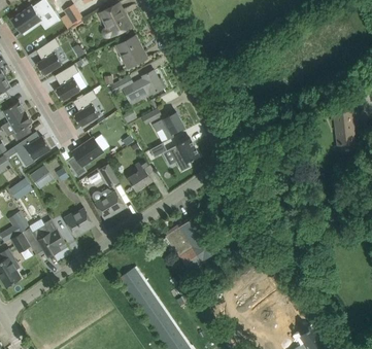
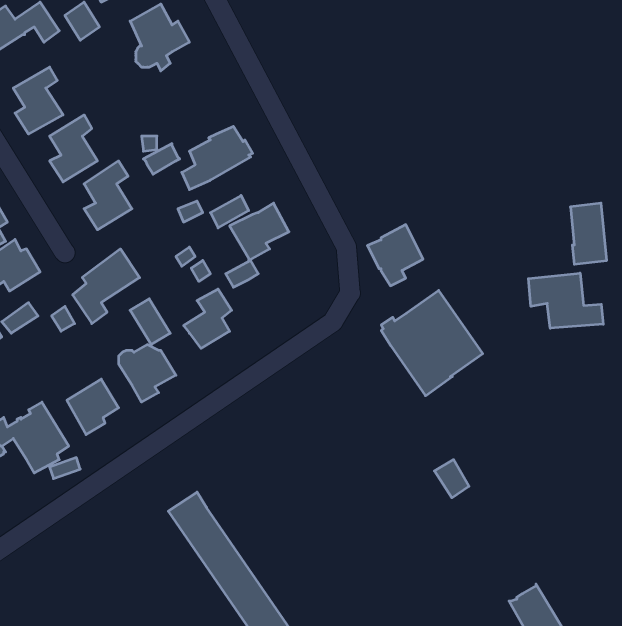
building: [114,36,145,69] -> none
building: [169,138,199,171] -> [367,225,423,286]
building: none -> [528,273,603,328]
building: [165,215,219,272] -> [381,290,483,396]

